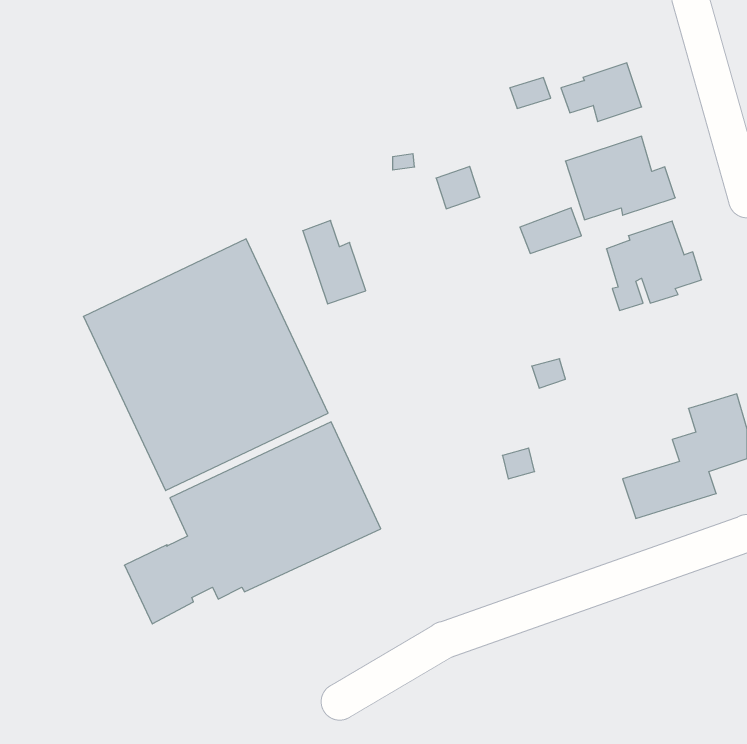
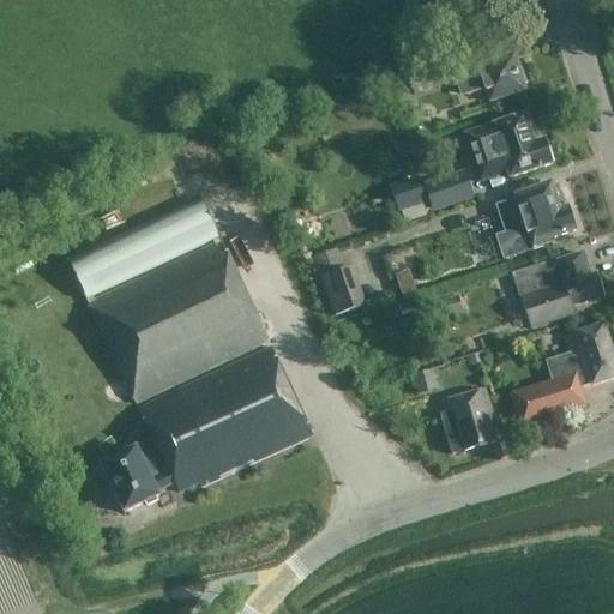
building: [436,166,480,209] -> [389,175,425,210]
building: [303,220,366,304] -> [314,246,366,314]
building: none -> [512,251,603,327]
building: none -> [439,387,494,452]

